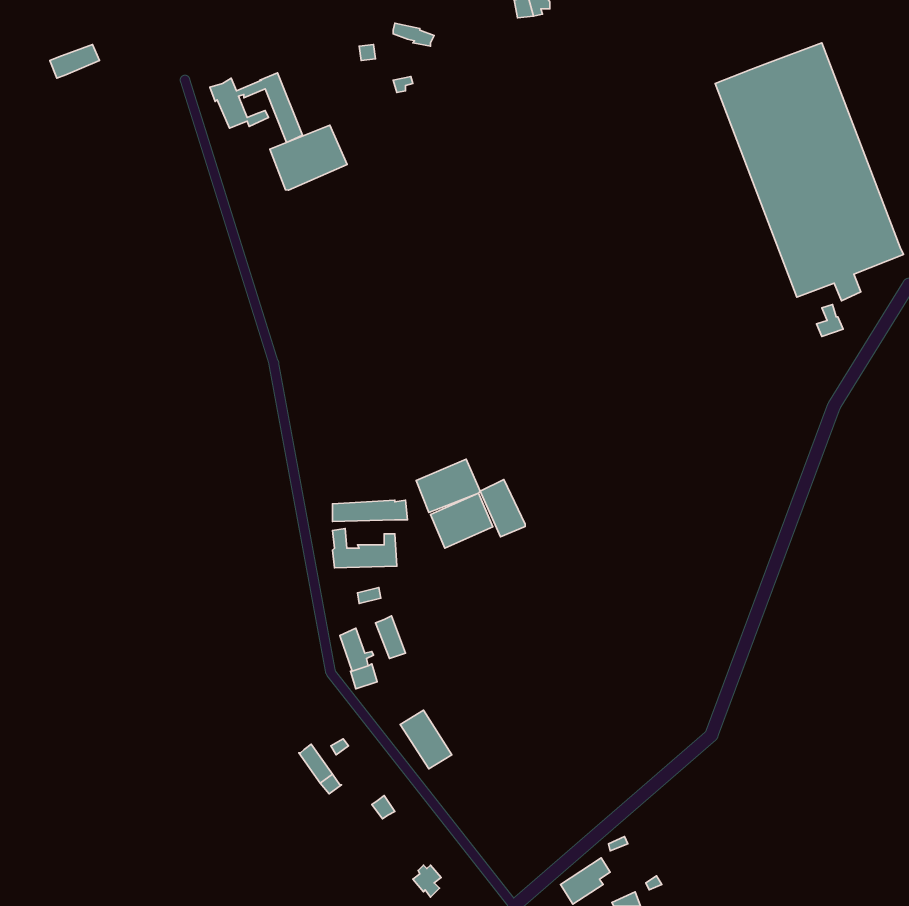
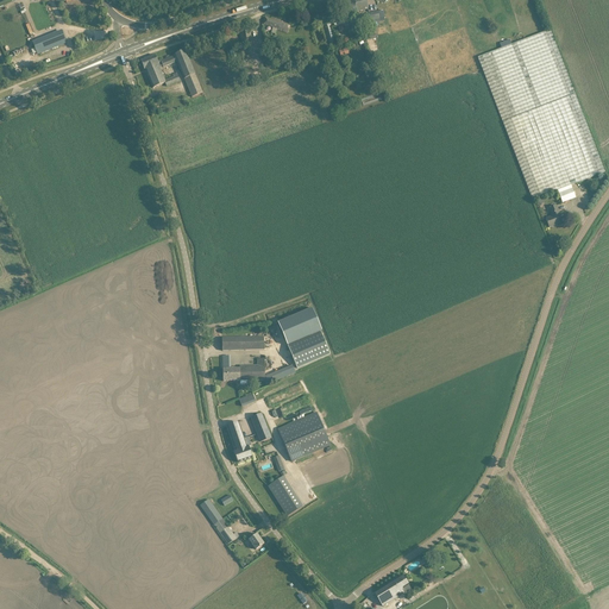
building: [270,125,347,190] -> none
building: [480,480,525,537] -> none
building: none -> [277,410,331,460]

